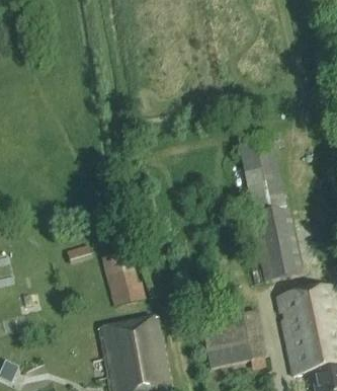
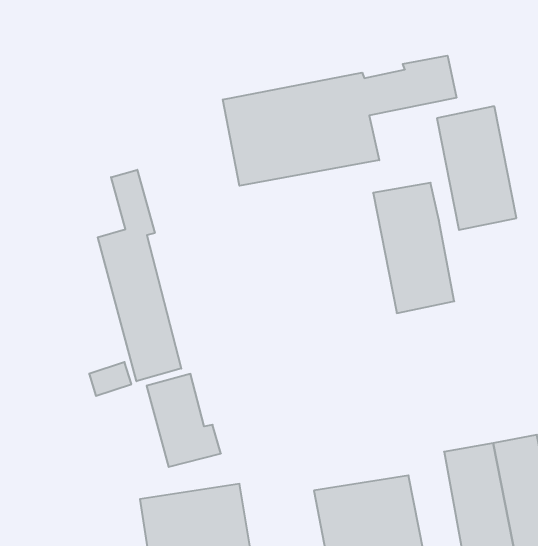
building: none -> [223,56,456,186]
building: none -> [98,170,181,381]
building: [253,208,301,282] -> [437,106,516,230]

